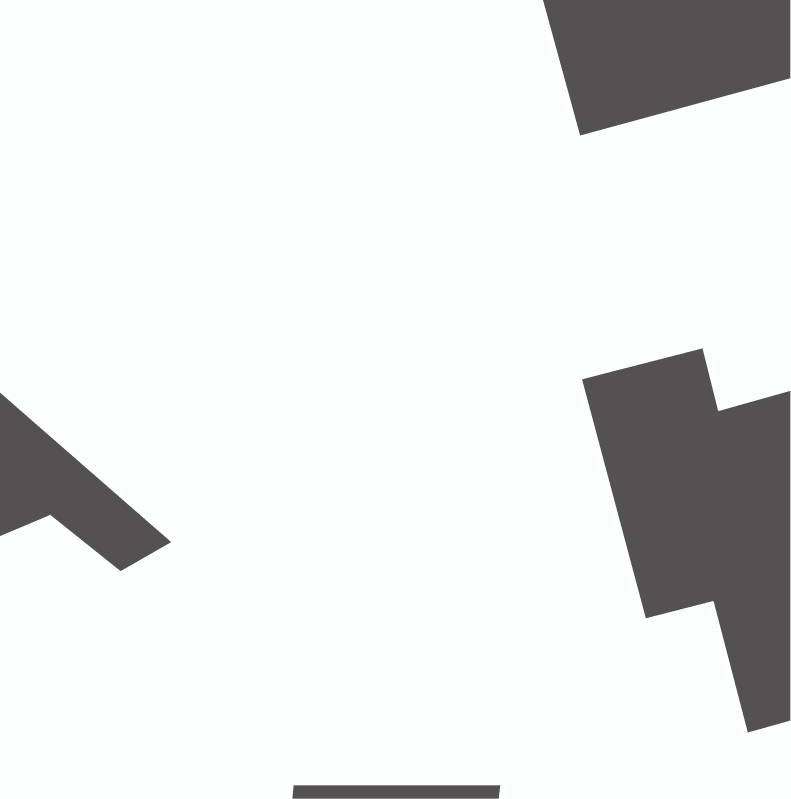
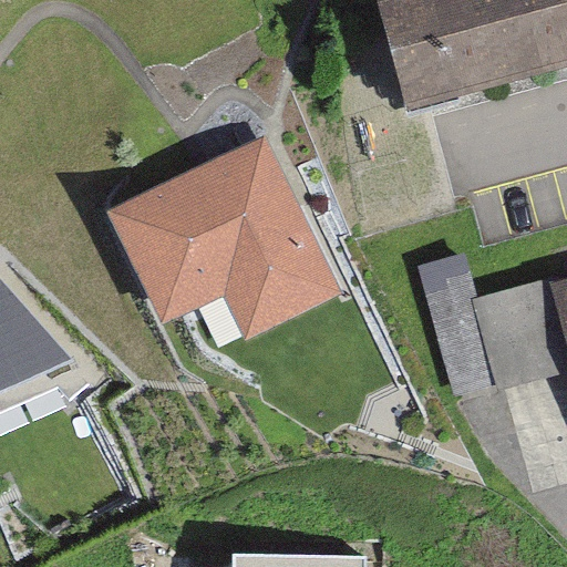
building: none -> [132,159,350,354]

